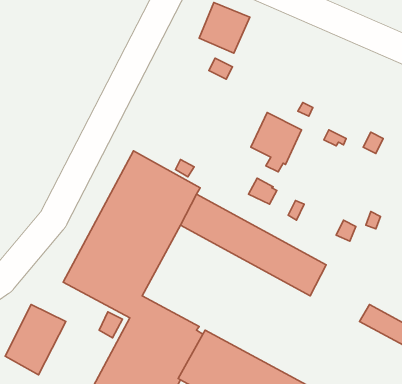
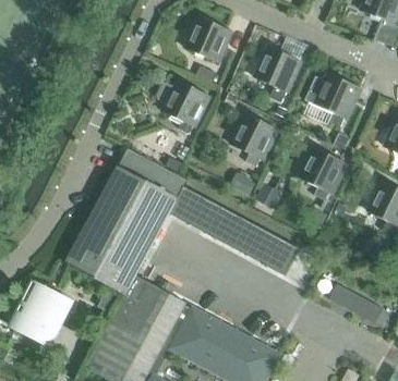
building: none -> [255,47,301,100]
building: none -> [304,74,360,126]
building: none -> [158,81,209,134]
building: none -> [300,148,346,200]

